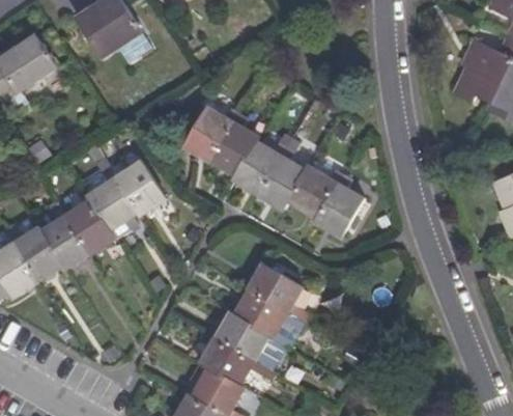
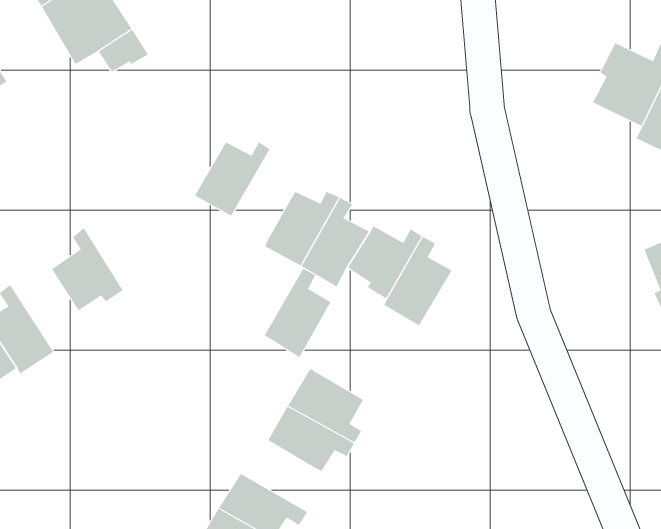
building: [209,114,256,176] -> [264,268,331,358]
building: [108,163,162,216] -> none
building: [57,202,112,254] -> none
building: [216,313,267,365] -> none

